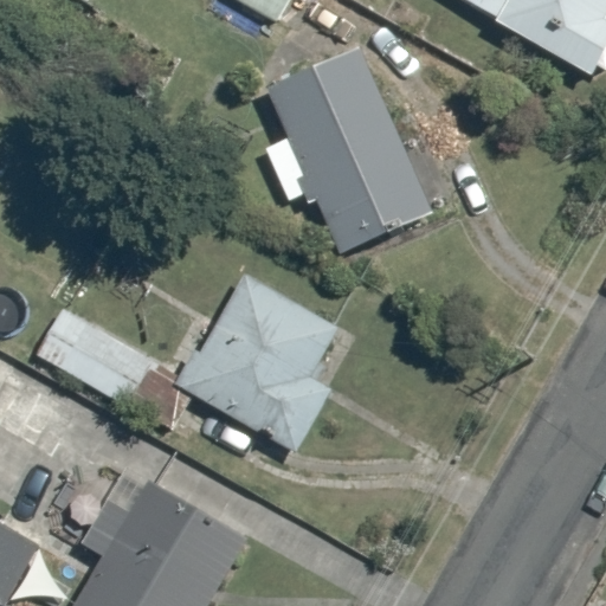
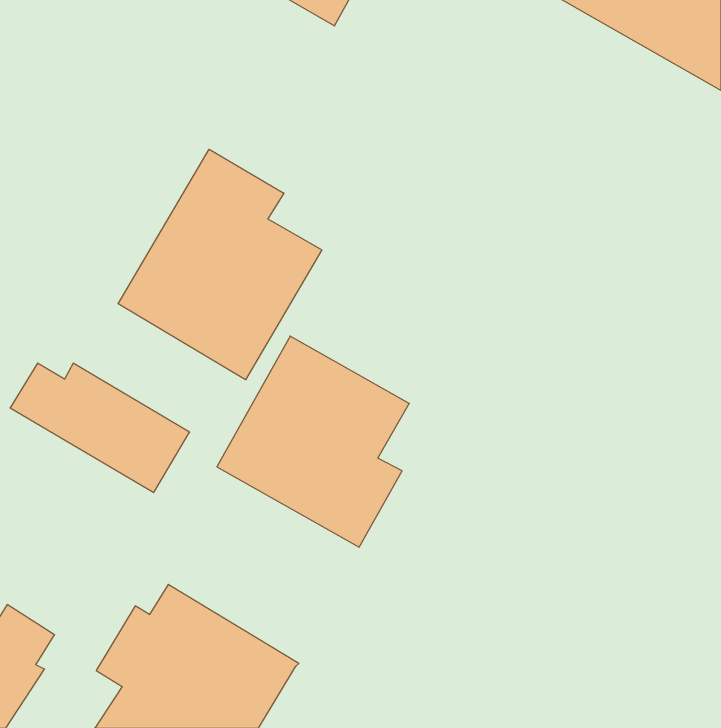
building: [264,50,433,257] -> none
building: none -> [118,149,322,380]

